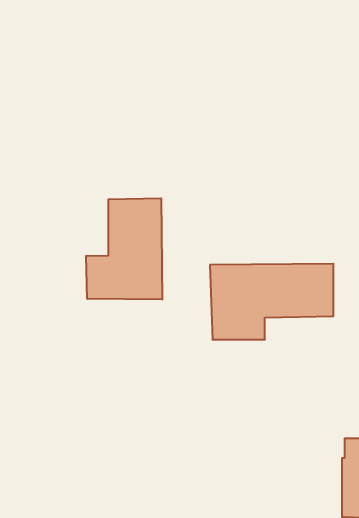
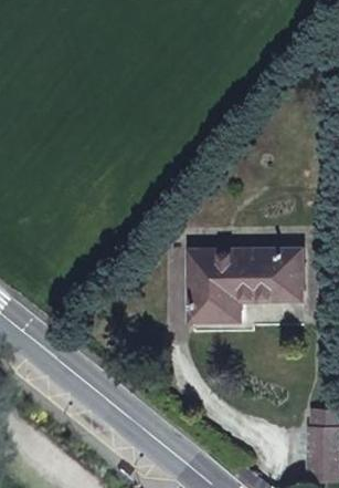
building: [86,198,162,300] -> none

